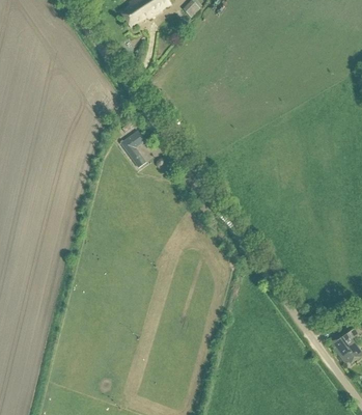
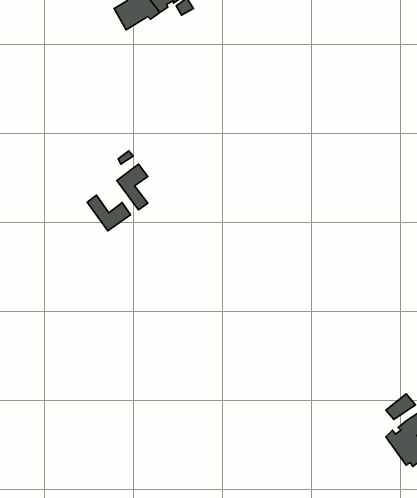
building: none -> [87,195,131,231]

